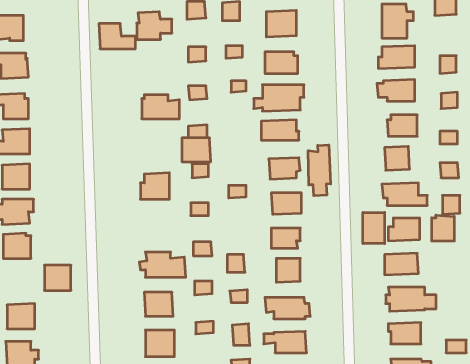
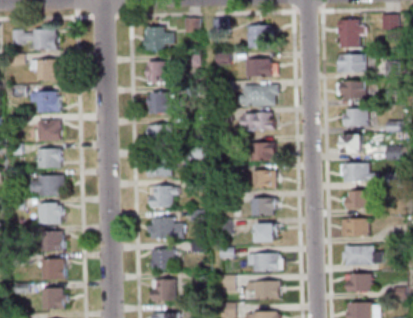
building: [99,24,135,49] -> [147,62,176,82]
building: [182,138,211,162] -> [149,125,172,144]
building: [308,145,331,196] -> none
building: [363,212,385,244] -> none
building: none -> [149,187,178,207]
building: [432,215,454,241] -> none
building: [44,265,71,290] -> [41,231,62,251]

